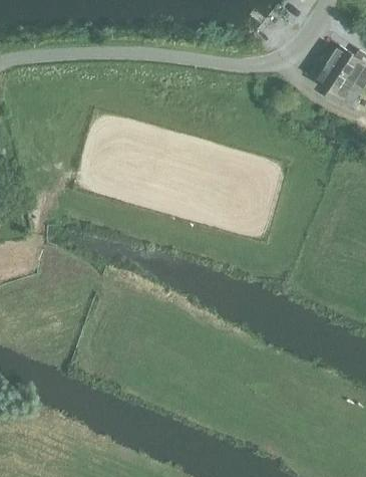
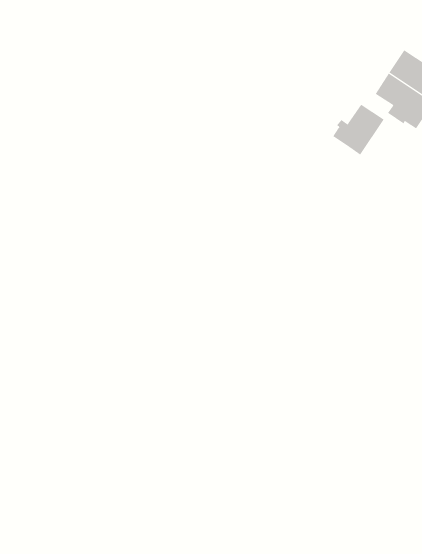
building: none -> [332,104,385,156]

